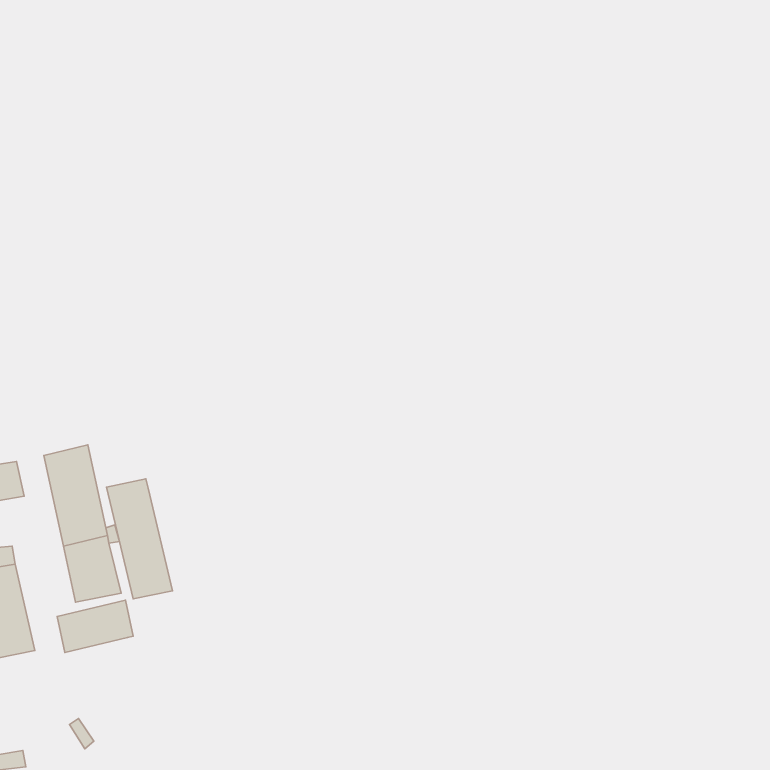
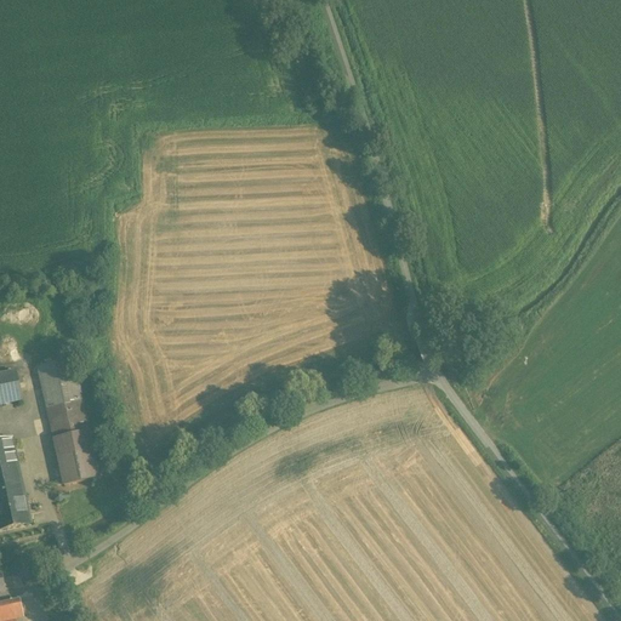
building: [107,479,173,599] -> none
building: [57,600,133,652] -> none

